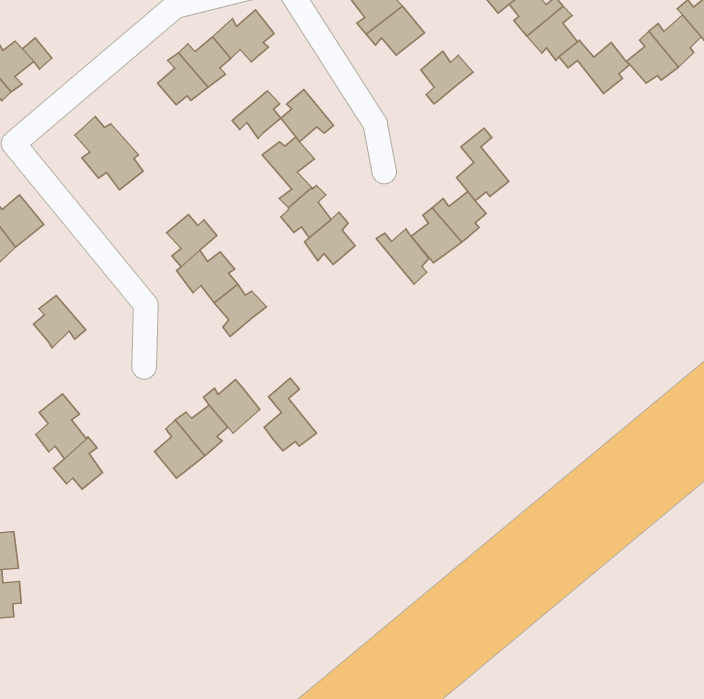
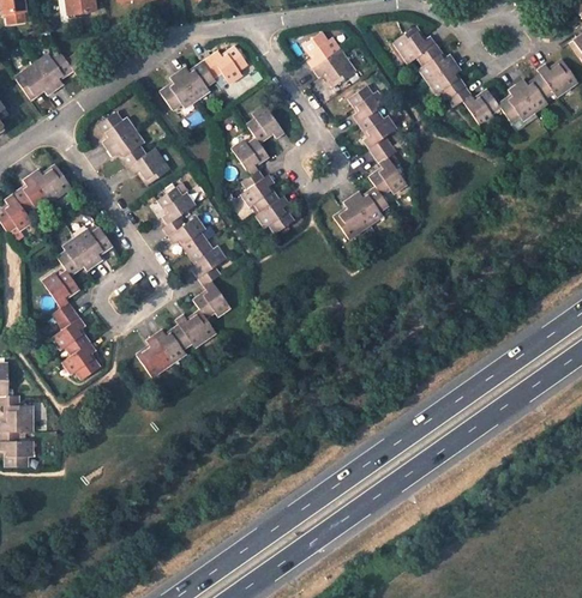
building: none -> [360,110,397,156]
building: [232,91,281,138] -> none
building: none -> [127,149,169,185]
building: [376,229,429,284] -> none
building: none -> [76,228,112,265]
building: none -> [42,271,79,321]
building: [264,378,317,451] -> [193,266,230,318]

